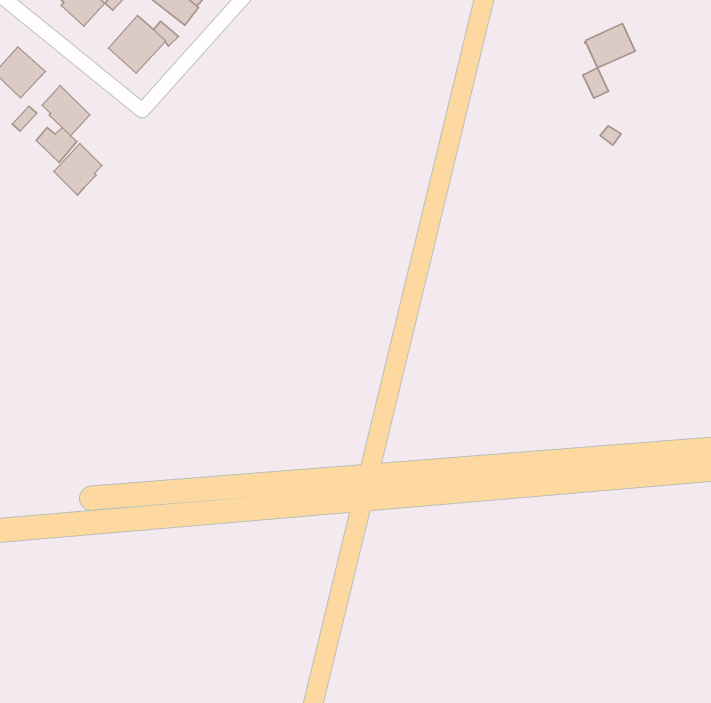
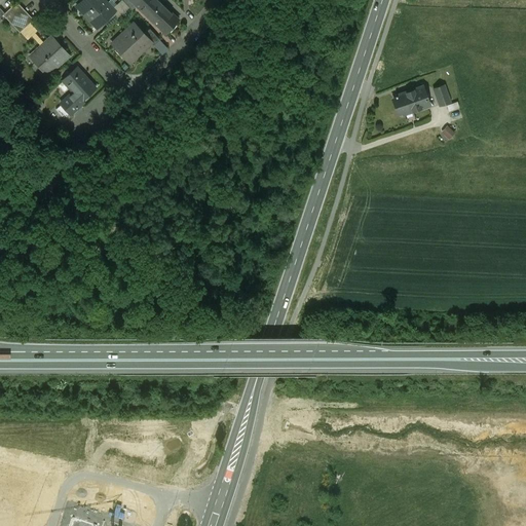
building: [585,23,635,68] -> [394,86,428,115]
building: [54,144,102,195] -> none

